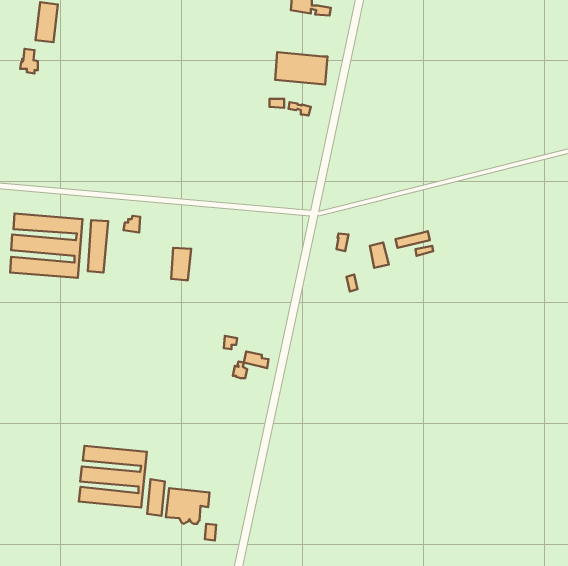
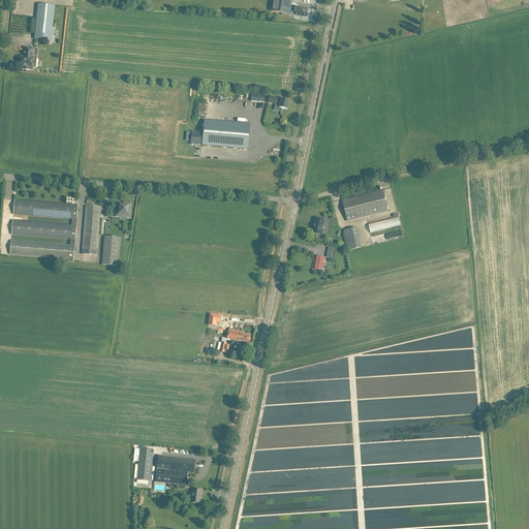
building: [275,52,327,84] -> [200,118,249,148]
building: none -> [341,188,386,219]
building: [171,248,191,280] -> [101,235,120,264]
building: [79,446,147,507] -> none

